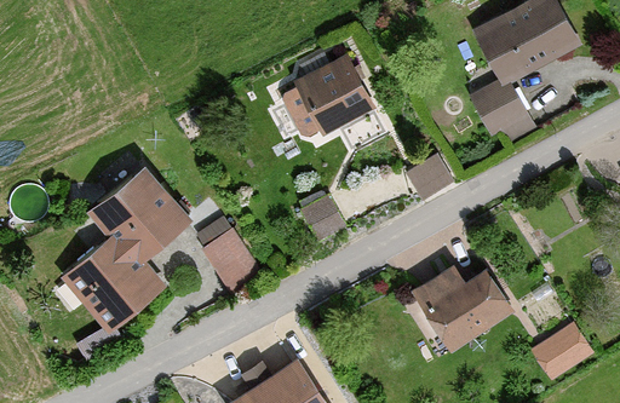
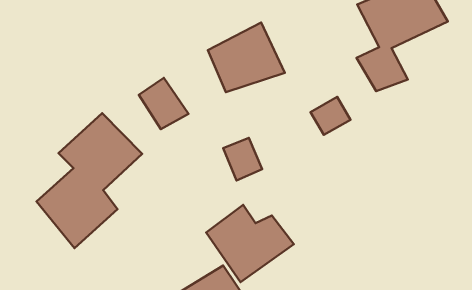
building: [200,225,263,290] -> [139,78,188,129]
building: [406,261,517,359] -> [206,205,294,282]
building: [529,324,597,381] -> none

